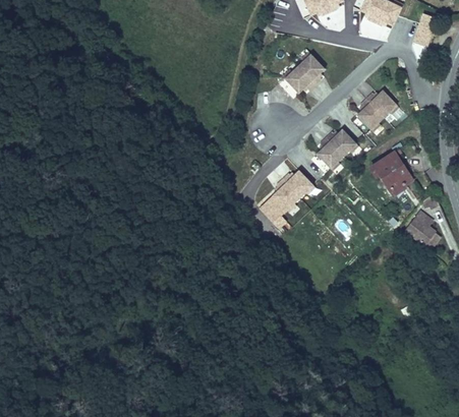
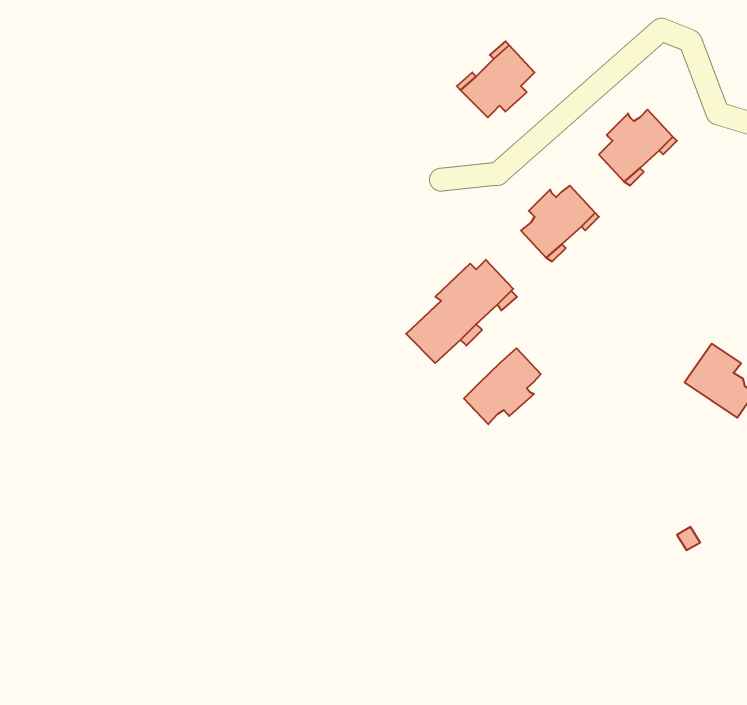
building: [370,150,413,194] -> none
building: none -> [464,348,541,424]

